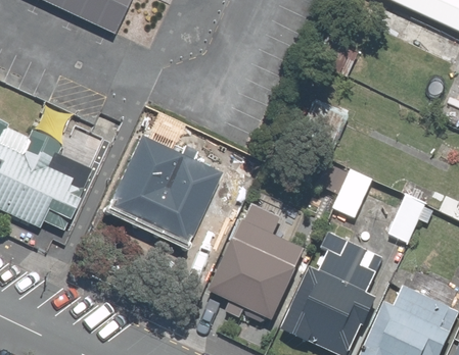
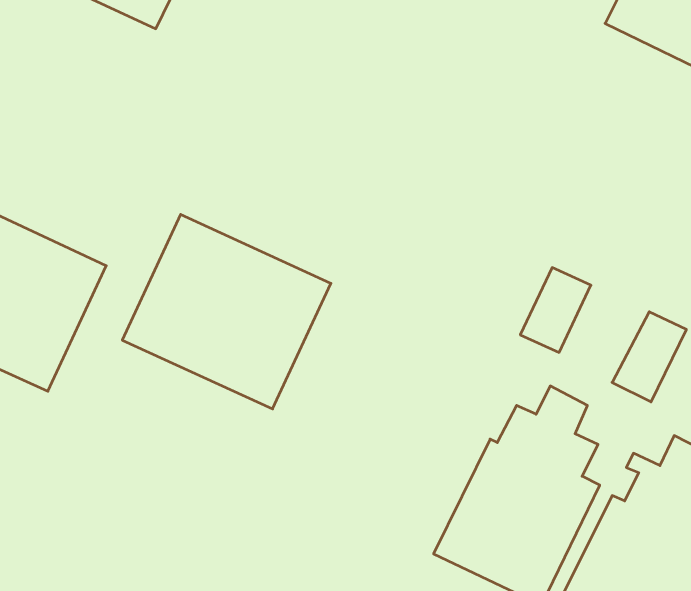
building: [204,197,297,318] -> none

